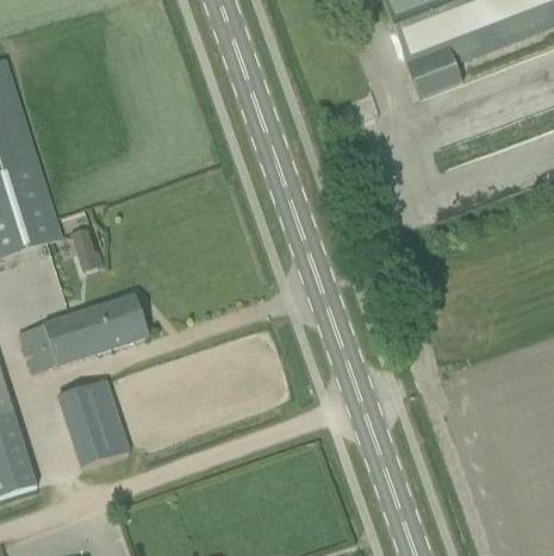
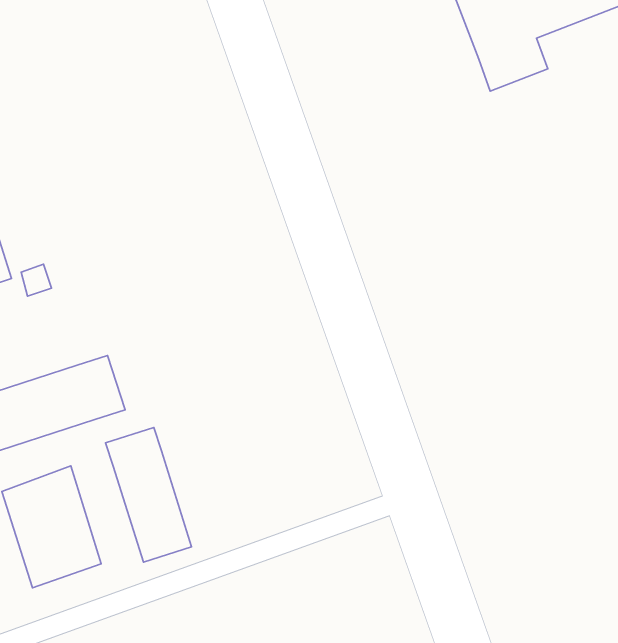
building: none -> [106,427,192,562]

